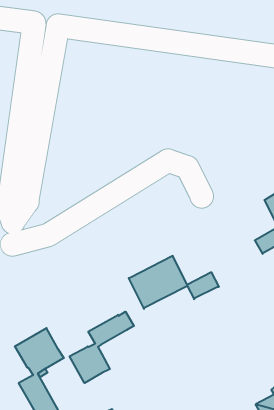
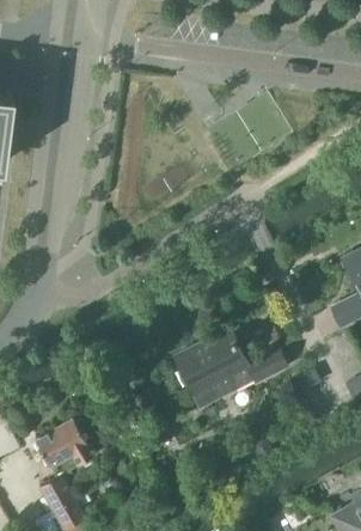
building: [70,312,134,383] -> none

